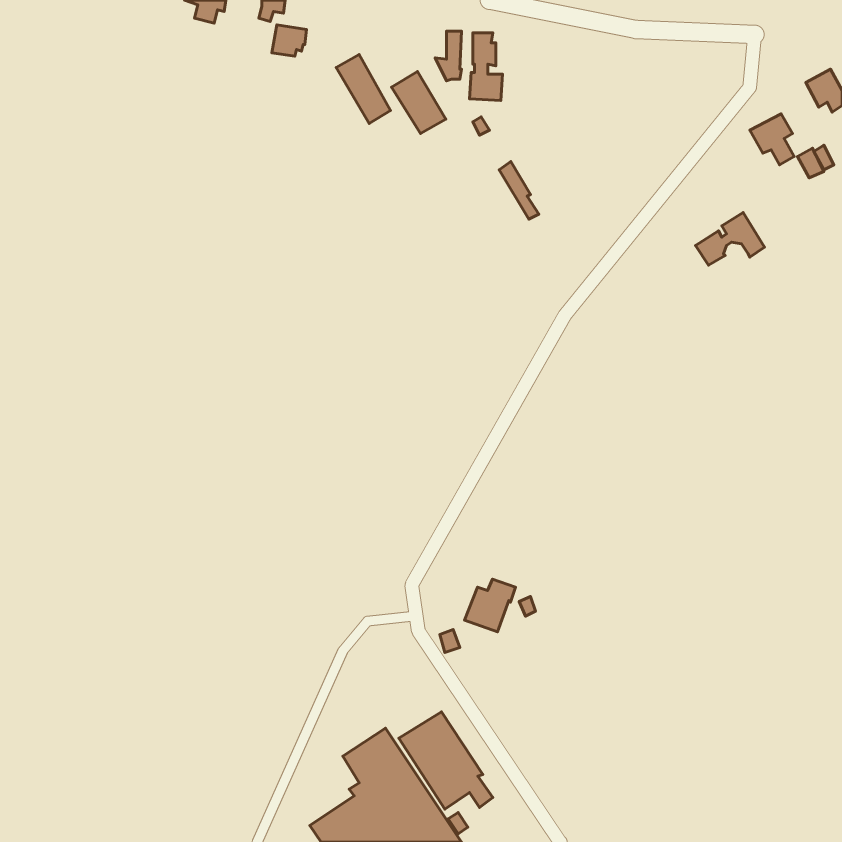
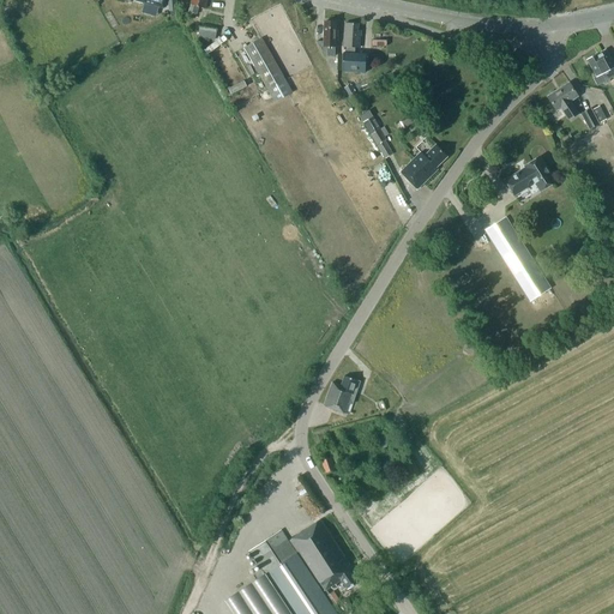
building: [391,71,446,134] -> none
building: none -> [401,145,447,189]
building: none -> [487,217,556,309]
building: [464,579,516,632] -> [323,375,360,414]

